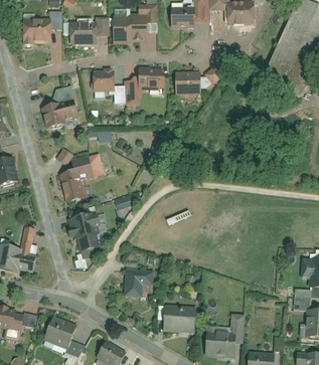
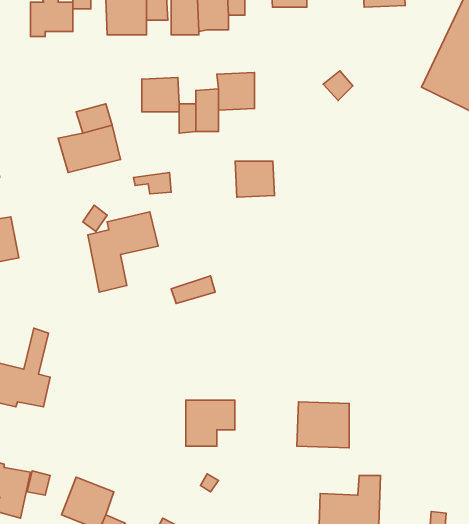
building: [176,71,200,94] -> [235,161,275,197]
building: [69,213,102,257] -> none
building: [162,305,194,333] -> [297,402,349,448]

